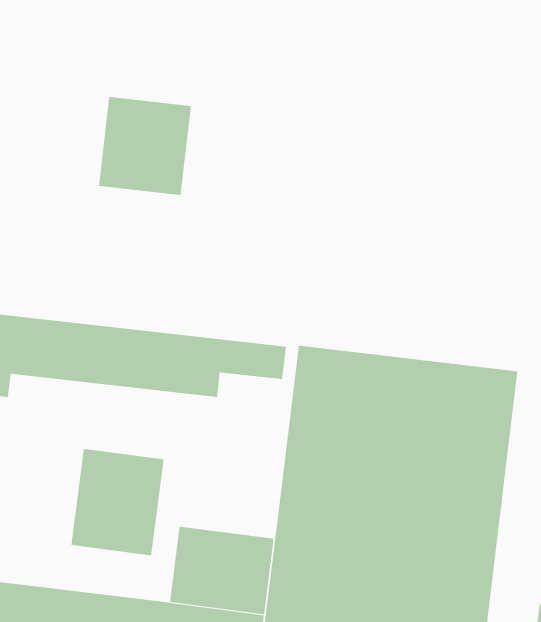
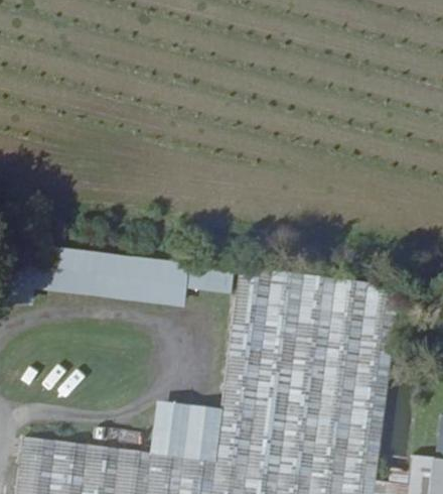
building: [98,96,191,196] -> none
building: [71,448,164,556] -> none

